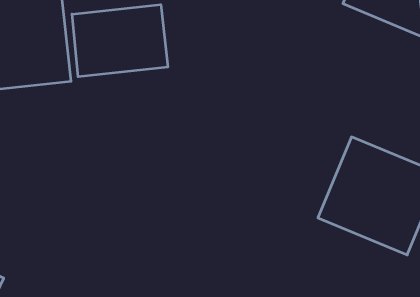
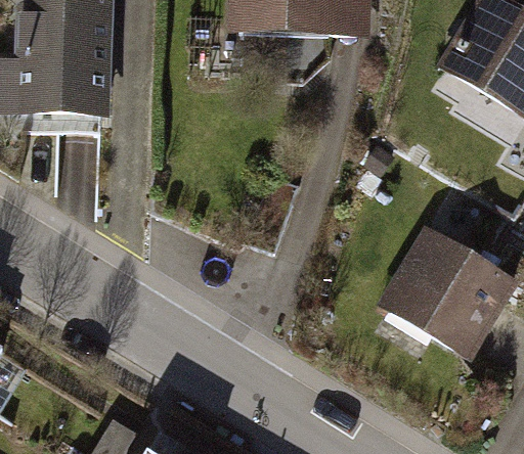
building: [72,5,168,77] -> none

